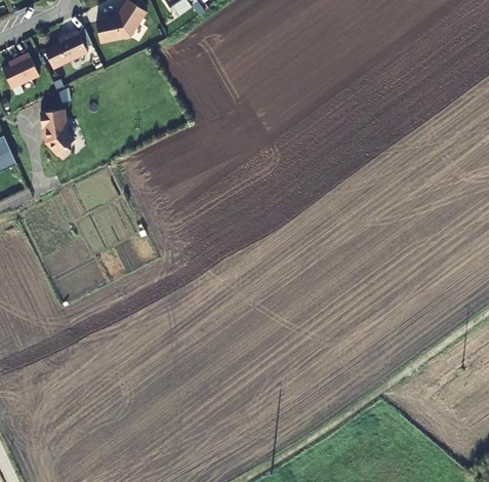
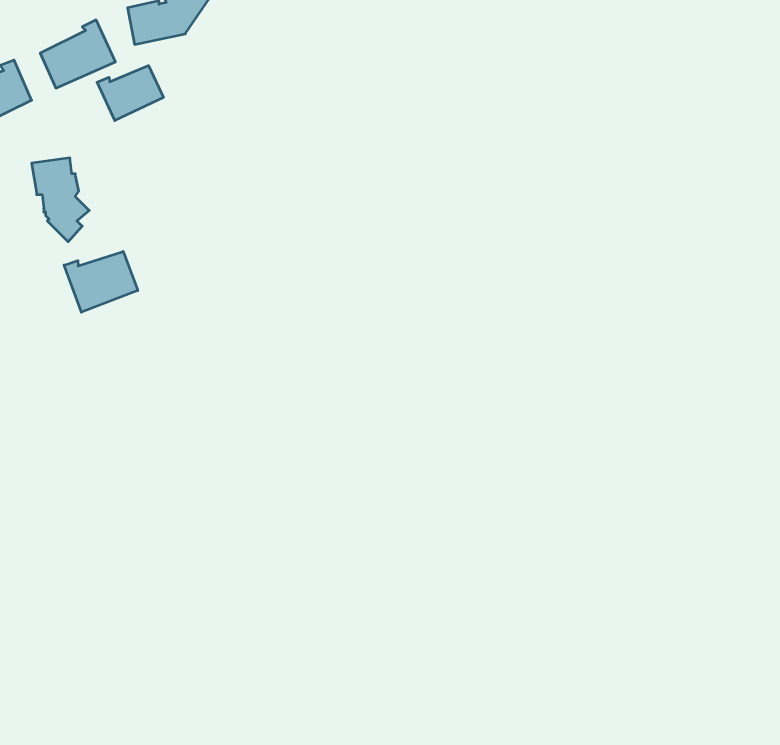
building: none -> [97,66,163,121]
building: none -> [64,251,138,312]

